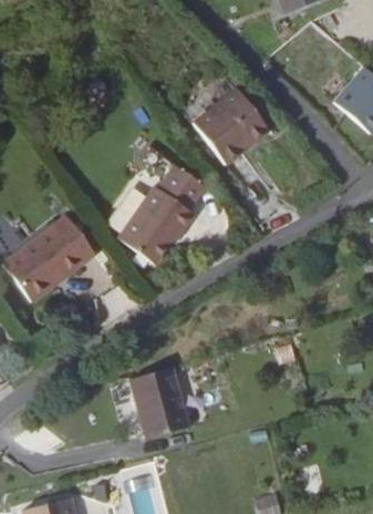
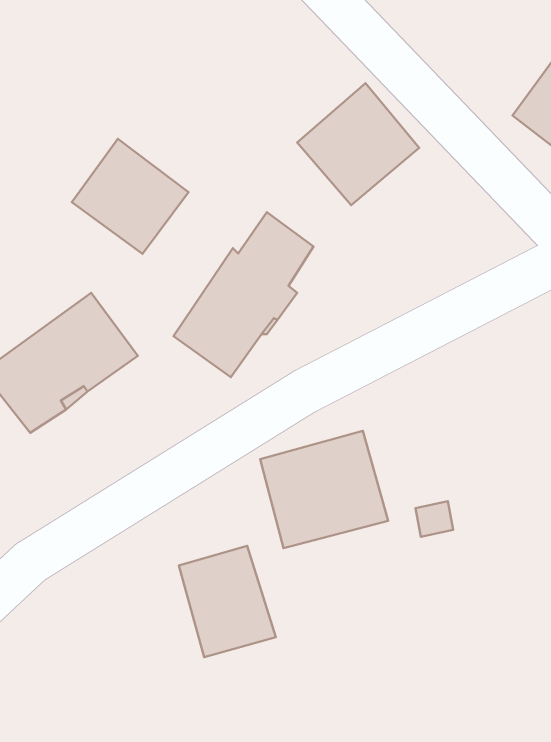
building: none -> [72,139,189,254]
building: none -> [260,431,388,548]

